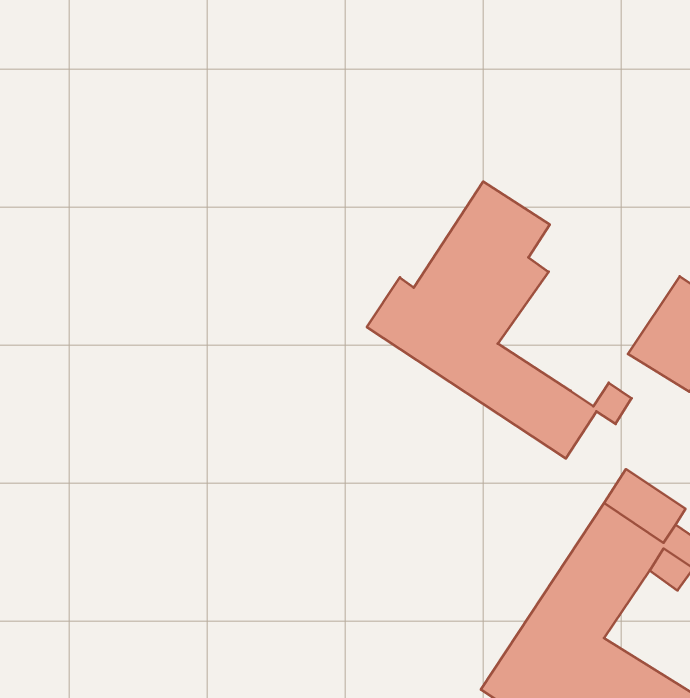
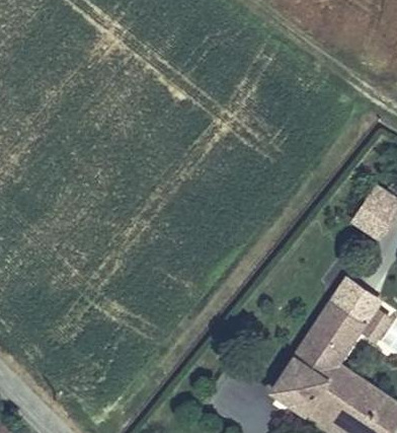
building: [367,182,632,458] -> none

